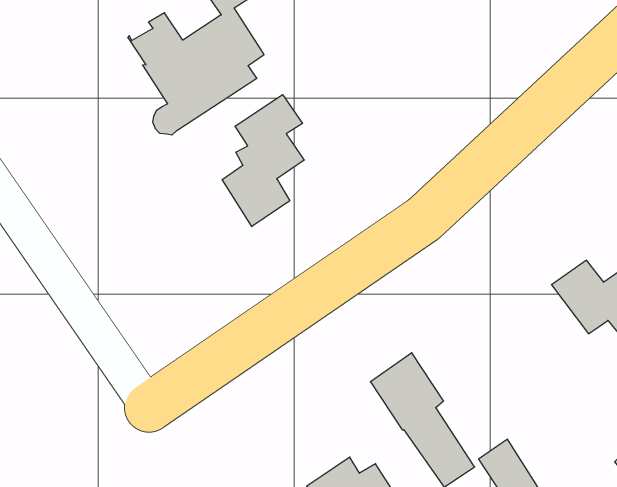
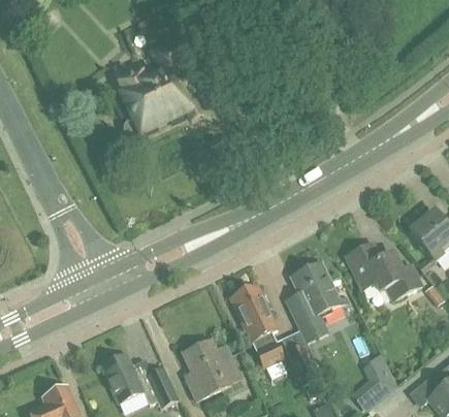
building: [222,95,304,227] -> none
building: none -> [289,261,347,342]

